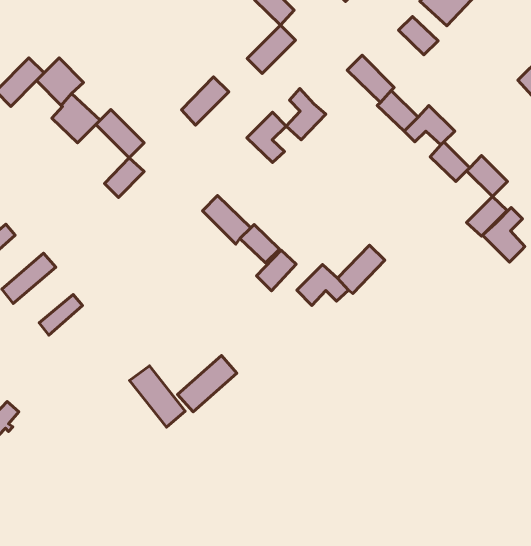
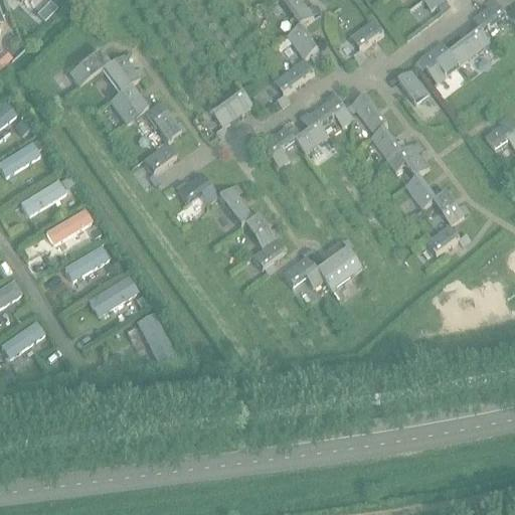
building: none -> [311,95,352,127]
building: none -> [175,173,216,204]
building: [483,208,525,262] -> none
building: [178,356,237,412] -> [88,276,138,317]

